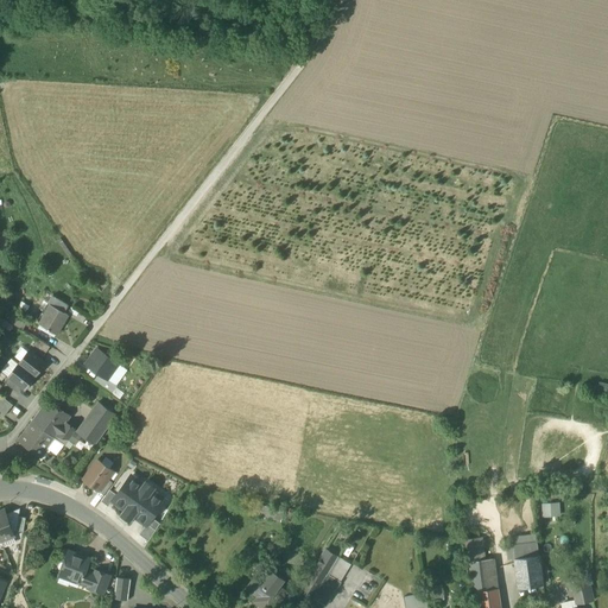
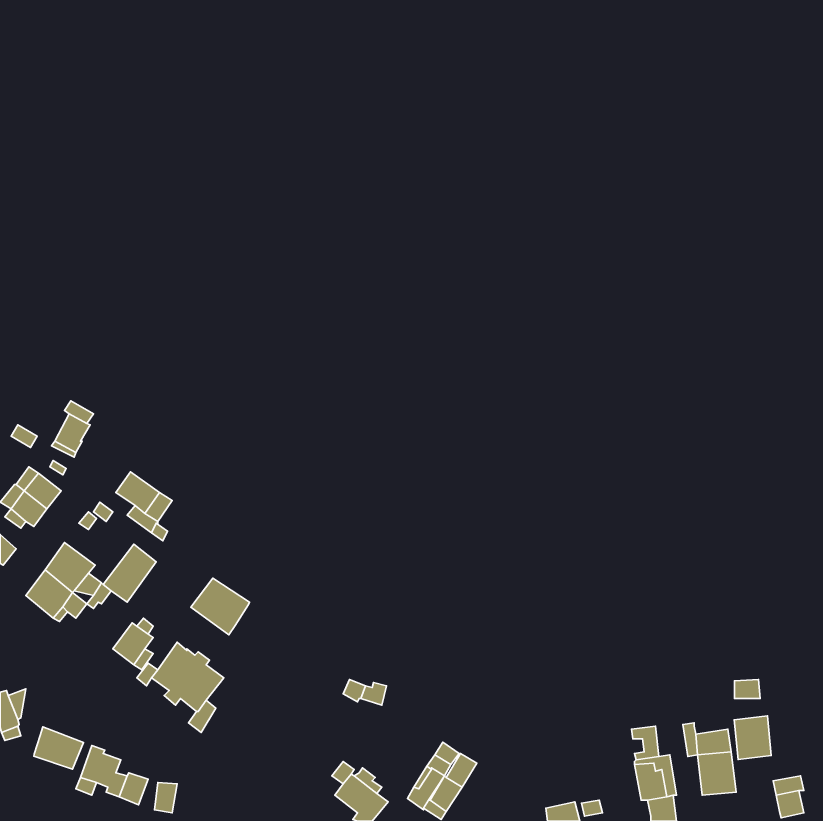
building: none -> [191,578,250,635]
building: none -> [734,716,771,759]
building: none -> [34,727,84,769]

